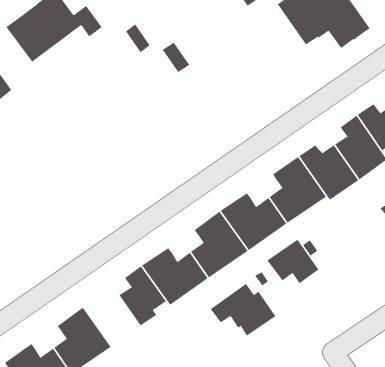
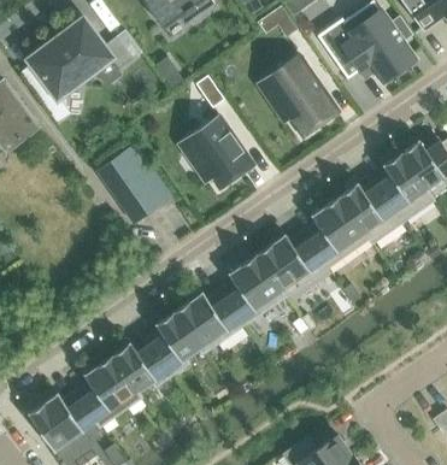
building: none -> [265,59,335,135]
building: none -> [188,117,252,184]
building: none -> [99,143,172,222]
building: [267,239,319,284] -> none
building: [210,277,276,336] -> none
building: none -> [111,343,171,398]

